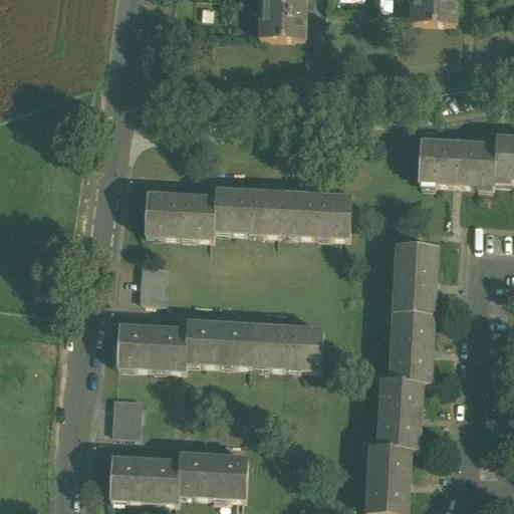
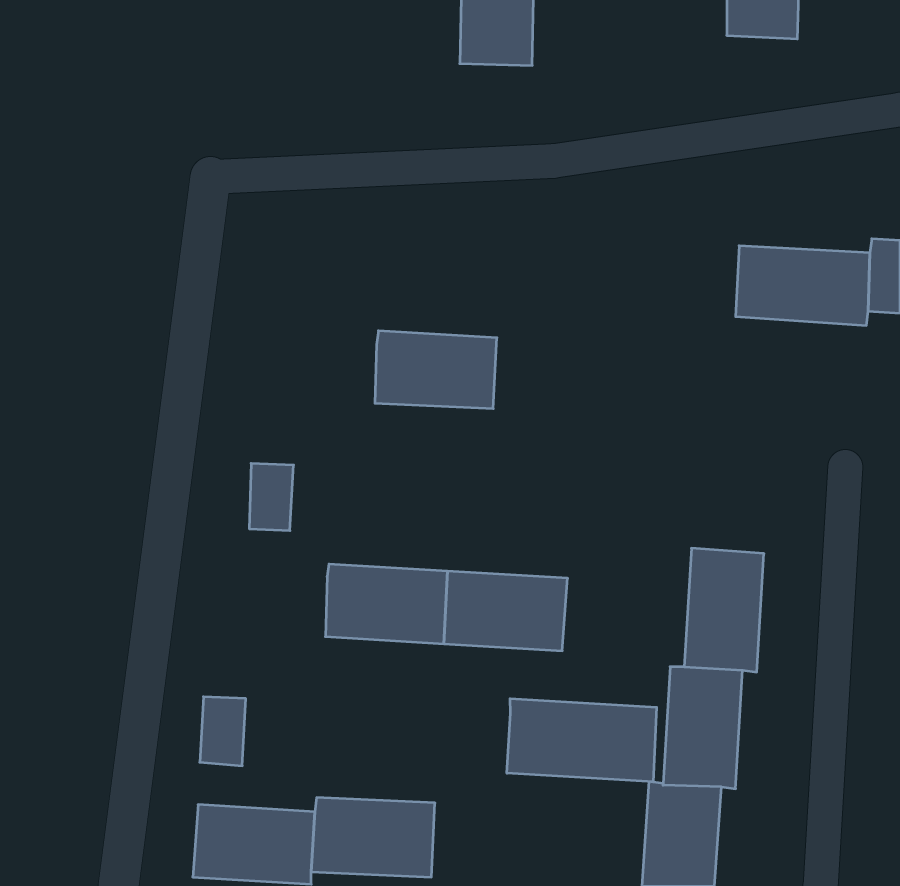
building: [280,192,350,236] -> none
building: [145,193,214,237] -> none
building: [393,244,438,314] -> none
building: [117,324,186,369] -> none
building: none -> [507,699,657,782]

